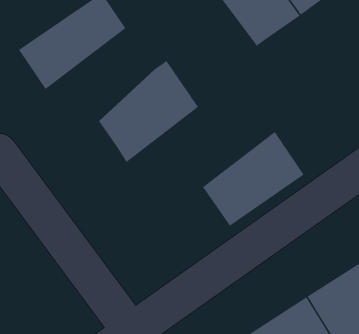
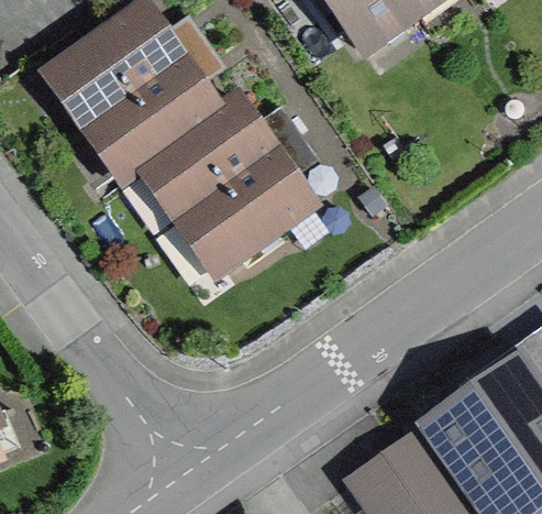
building: none -> [73,42,222,189]
building: [202,131,305,226] -> [184,150,324,281]

